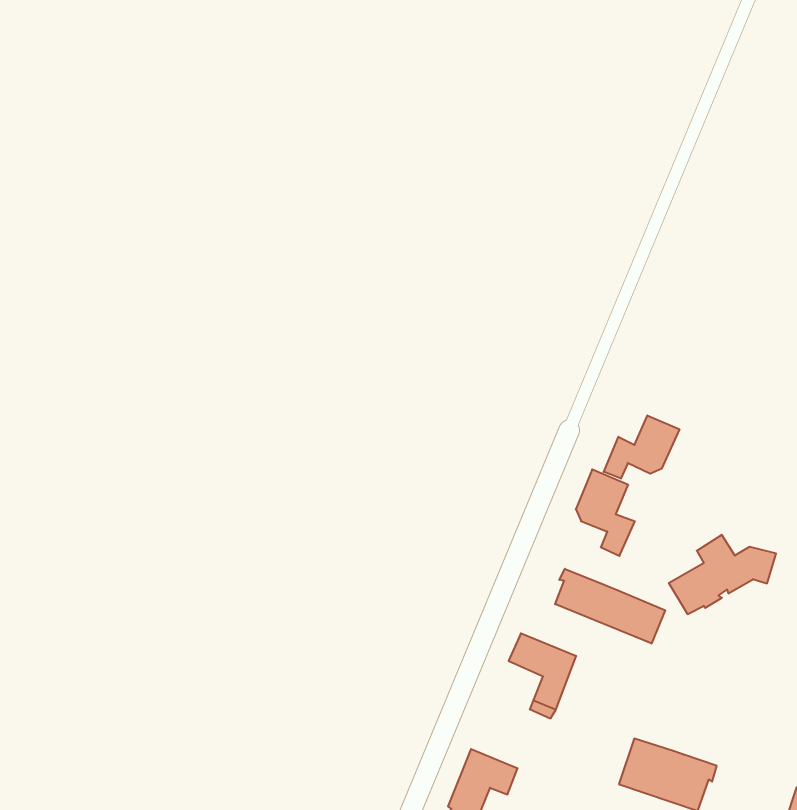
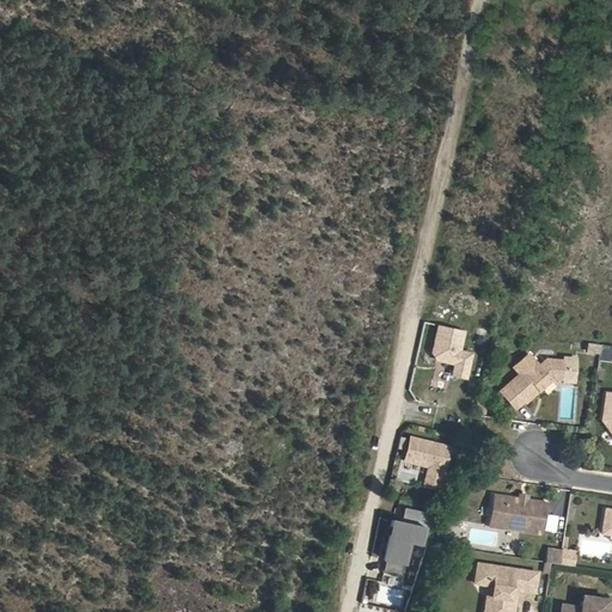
building: [604,415,679,479] -> none
building: [555,569,665,644] -> none

